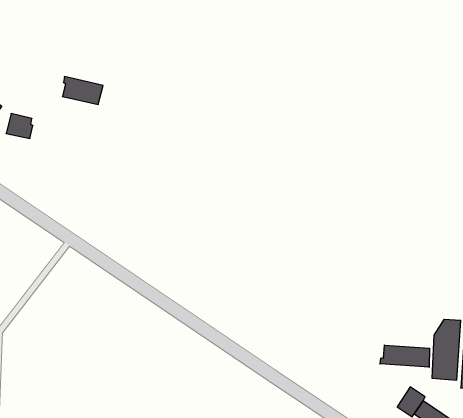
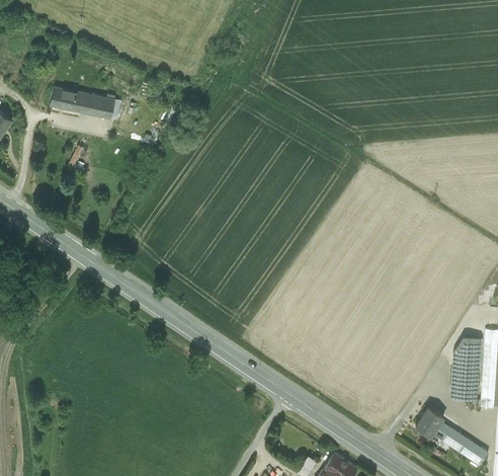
building: [6,114,33,138] -> [50,86,77,111]
building: [380,345,430,367] -> none

